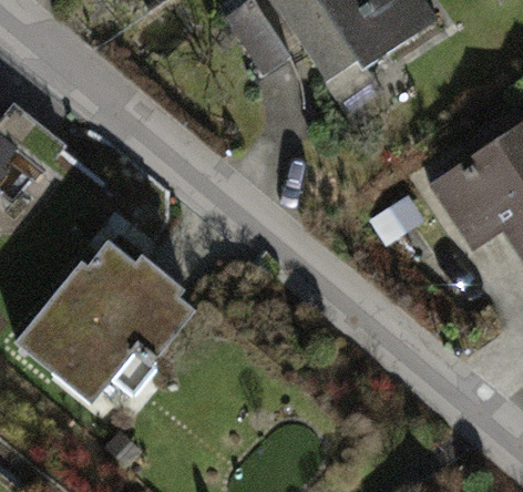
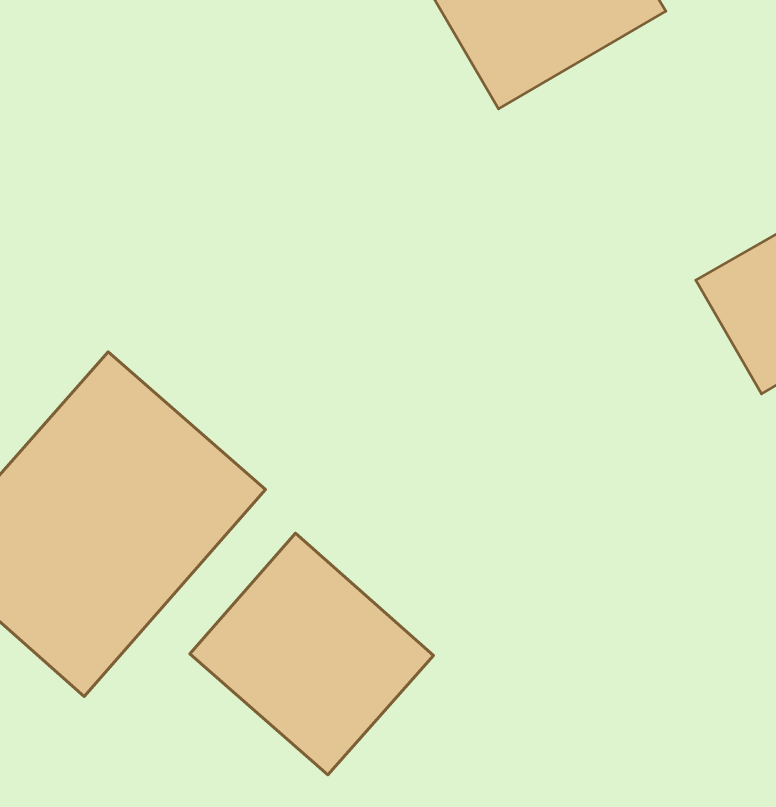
building: none -> [190,533,434,775]

